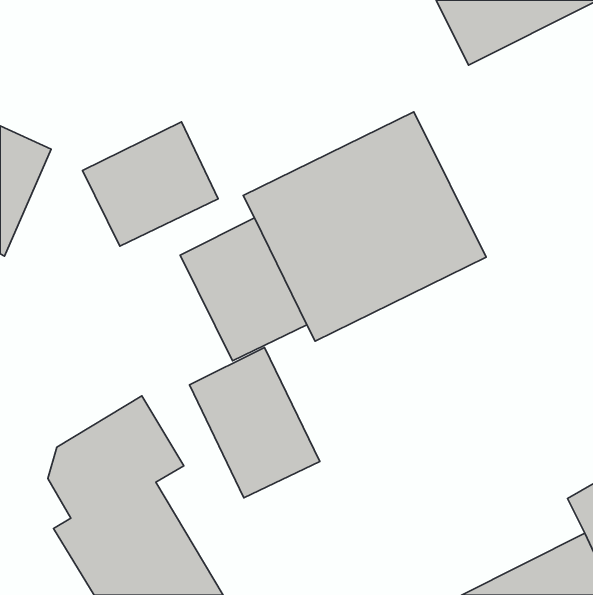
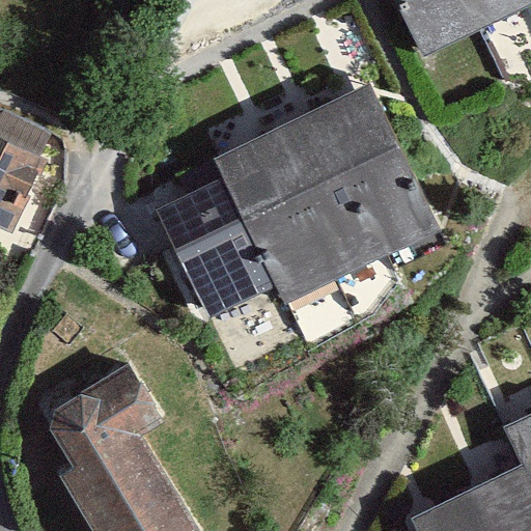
building: [82,122,218,246] -> none
building: [189,348,320,498] -> none

